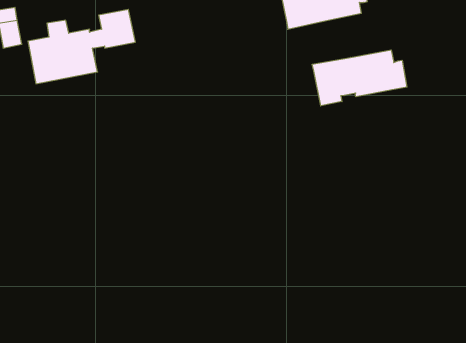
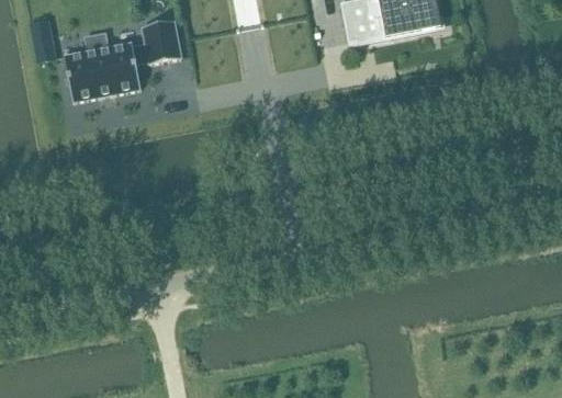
building: [312,50,407,106] -> none

